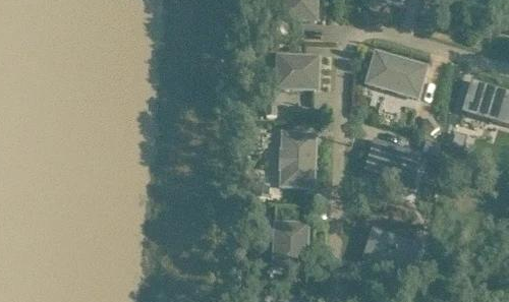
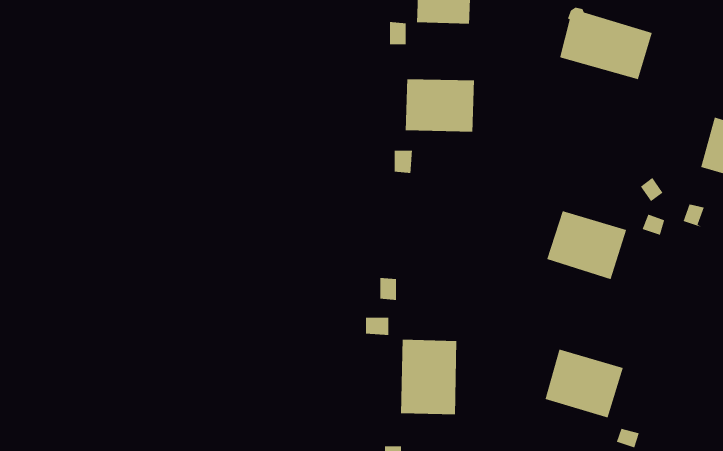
building: [367,50,428,97] -> [559,7,653,80]
building: [281,132,317,188] -> none

